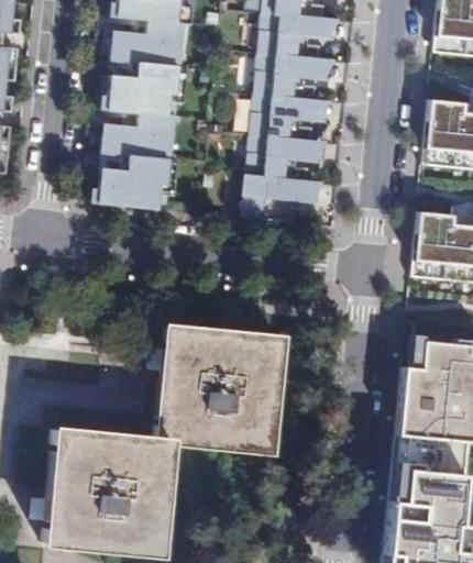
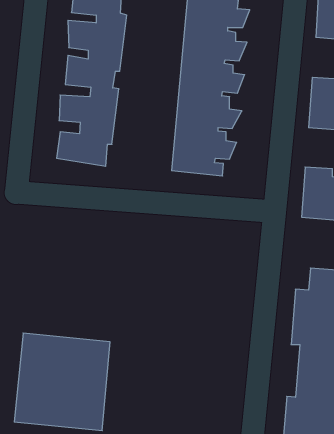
building: [158,317,280,442] -> none

